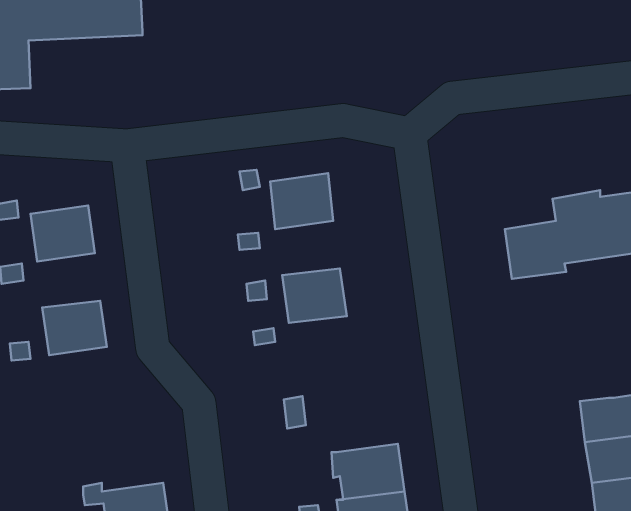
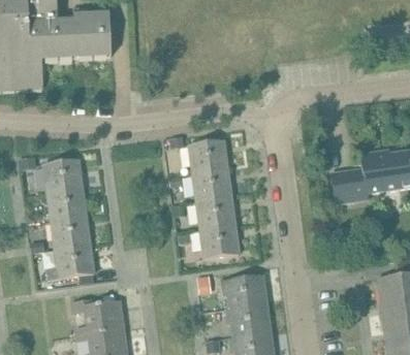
building: none -> [192,167,231,200]
building: none -> [48,187,86,220]
building: none -> [200,225,239,258]
building: none -> [46,244,94,279]
building: none -> [222,273,266,308]
building: none -> [71,298,124,331]

